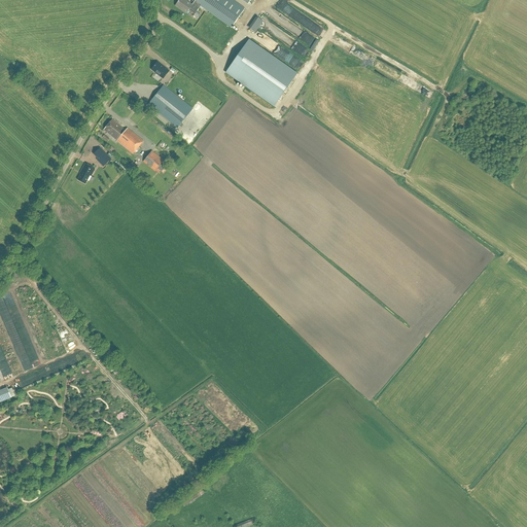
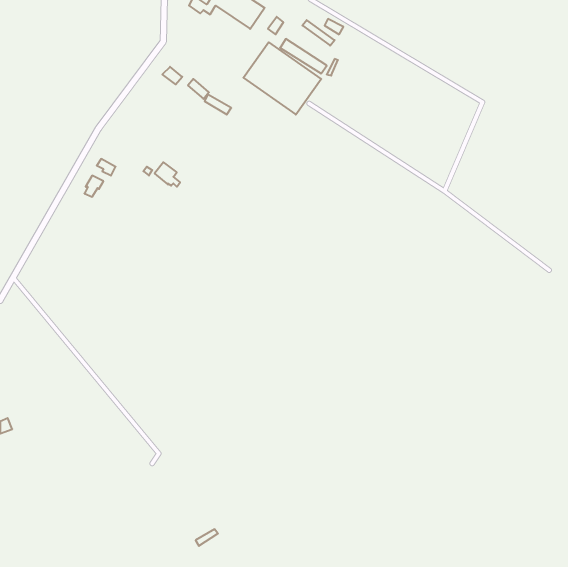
building: [148,84,192,127] -> none
building: [103,118,143,152] -> none

